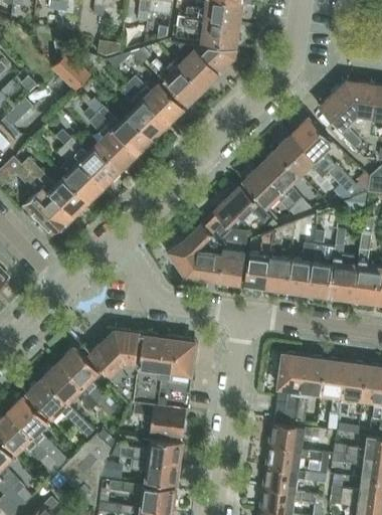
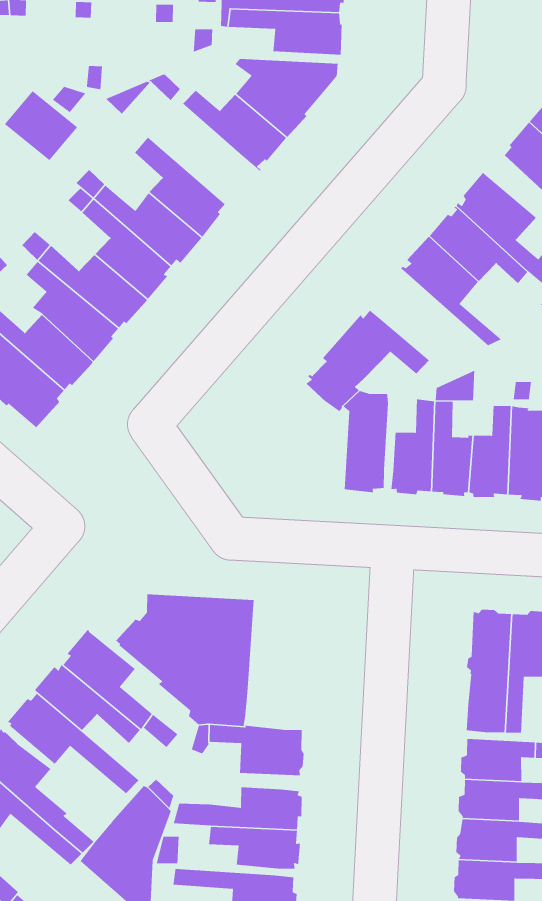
building: [129,76,185,123] -> none
building: [243,165,304,215] -> none
building: [166,222,225,285] -> none
building: [156,336,197,406] -> none

